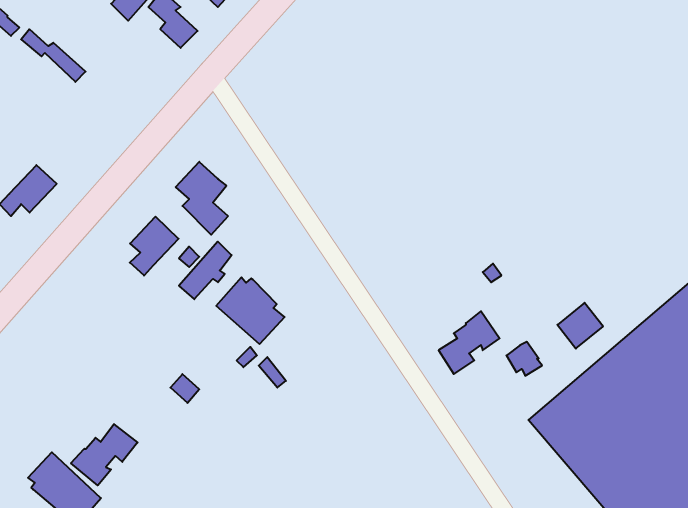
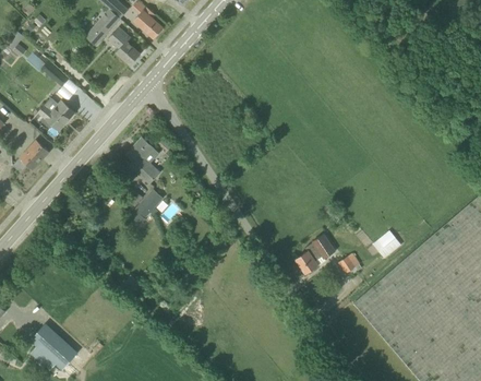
building: none -> [38,102,74,130]
building: [130,217,179,276] -> none
building: [216,277,285,344] -> none
building: [71,424,138,485] -> none

